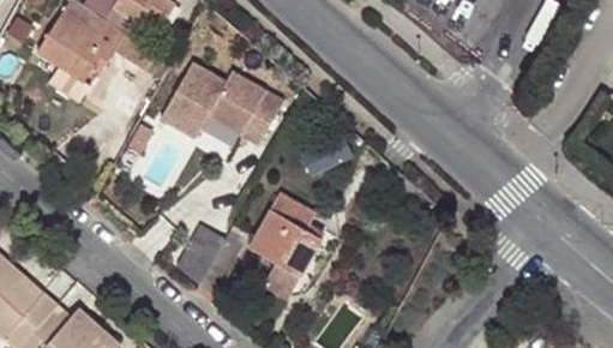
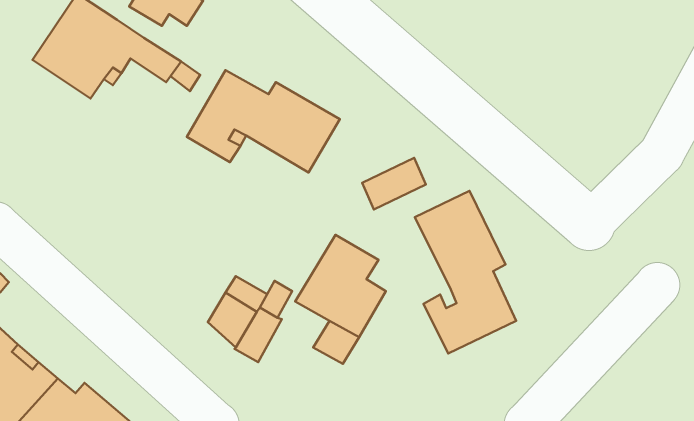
building: none -> [415,191,516,354]

